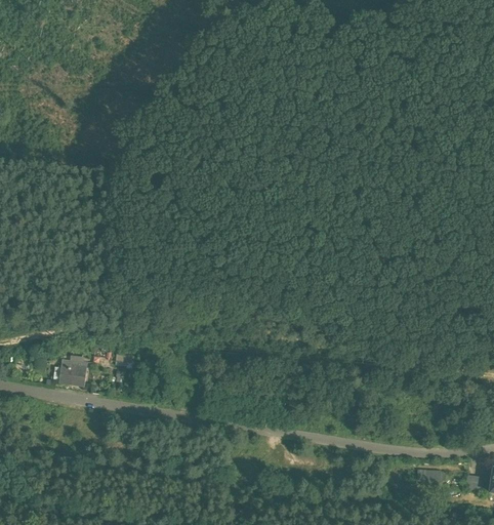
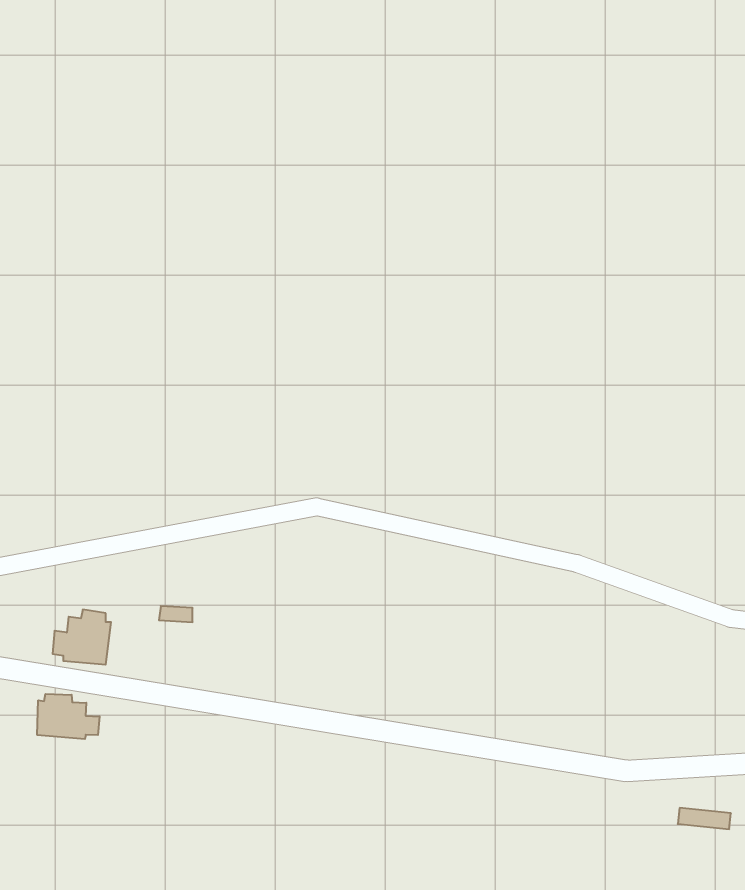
building: none -> [37,694,100,739]

